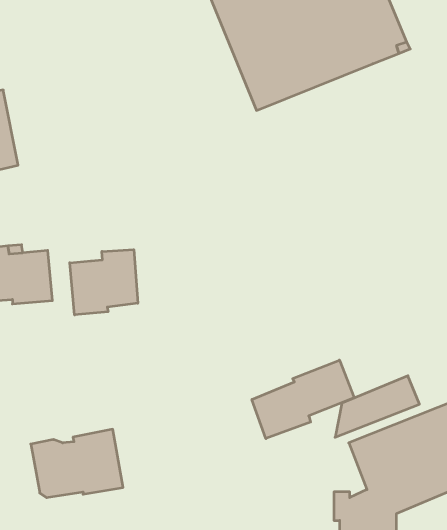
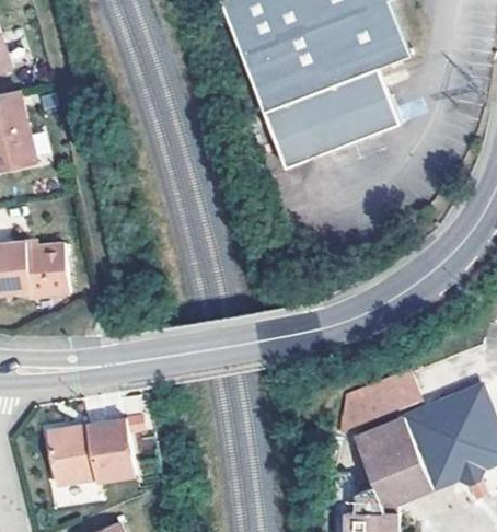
building: none -> [263,67,395,164]
building: [70,250,138,315] -> none
building: [252,360,354,439] -> none

